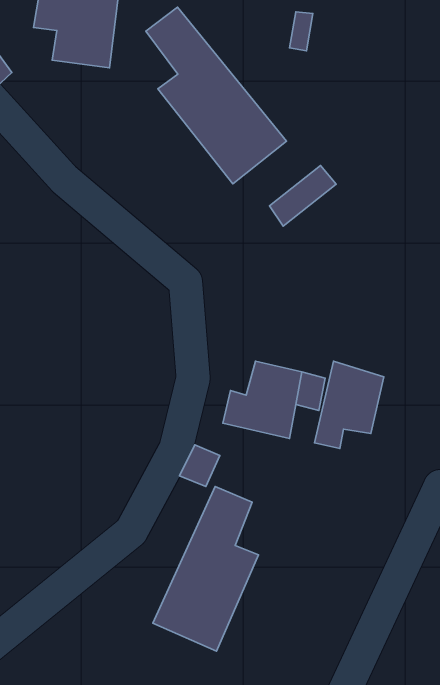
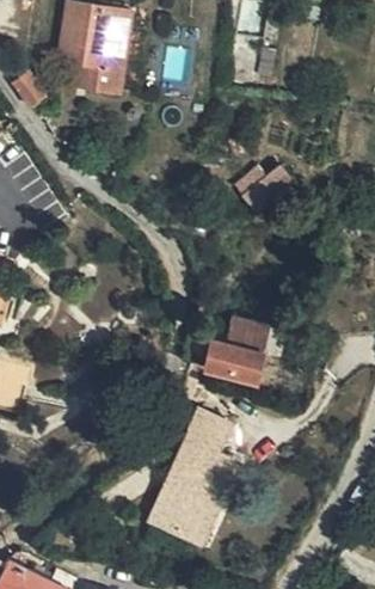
building: [146,7,286,184] -> none
building: [315,361,384,448] -> none

